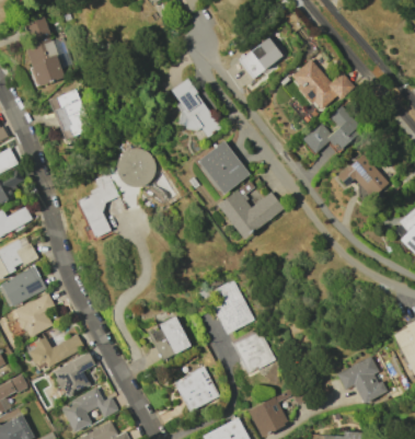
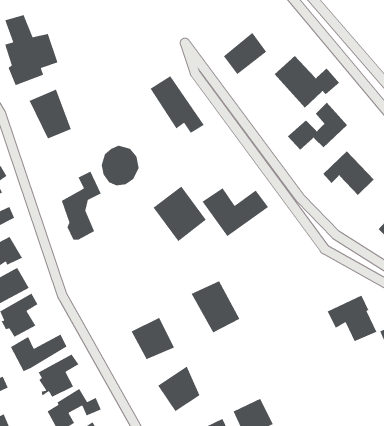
building: [196,139,250,195] -> [153,185,207,242]
building: [234,330,275,374] -> none
building: [336,355,387,402] -> [326,294,377,342]

